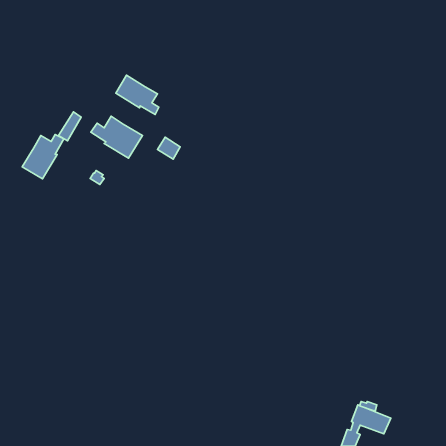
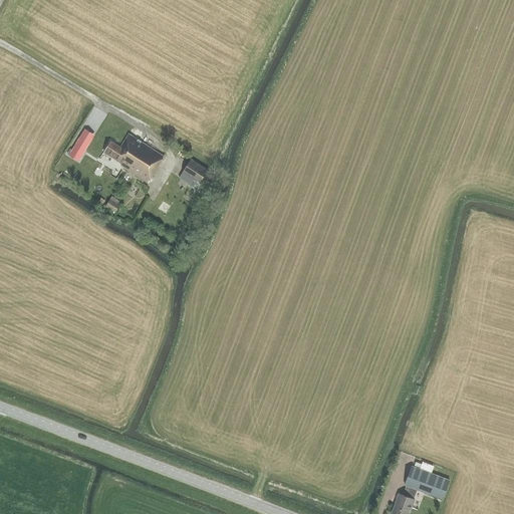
building: [116,75,159,115] -> none
building: [22,134,64,179] -> none

